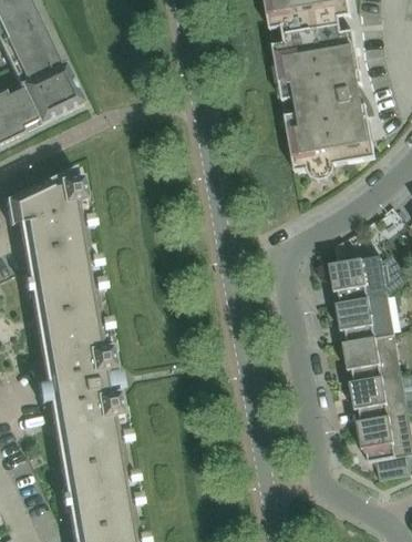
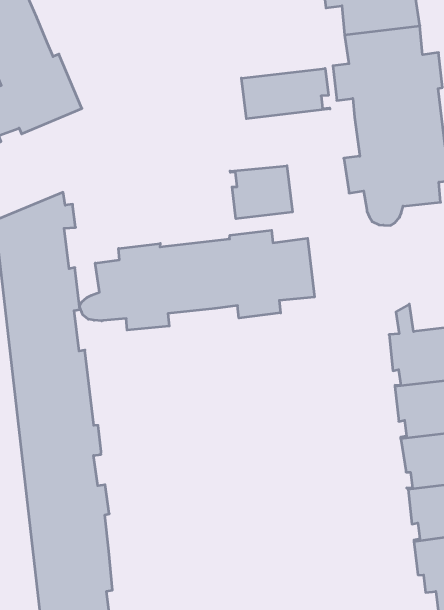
building: none -> [241,68,330,119]
building: none -> [230,166,292,219]
building: none -> [79,230,314,330]

